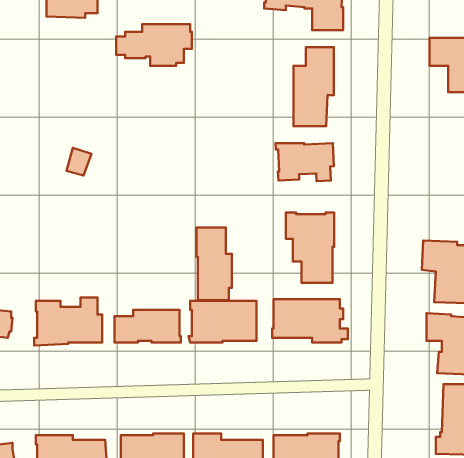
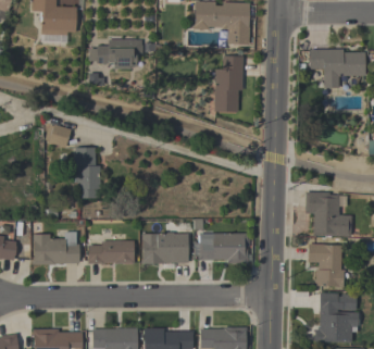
building: [275,143,334,181] -> none
building: [286,213,334,283] -> none
building: [196,227,232,300] -> [75,147,100,198]

